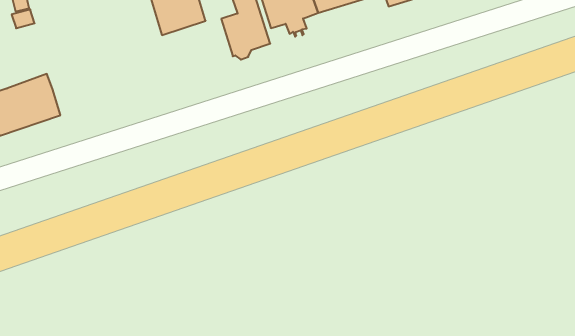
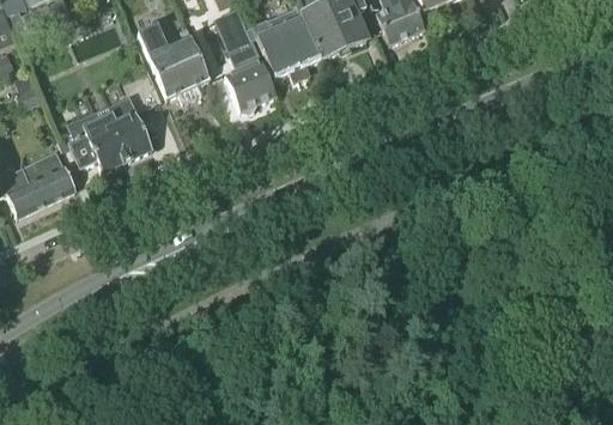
building: none -> [67,97,151,171]

